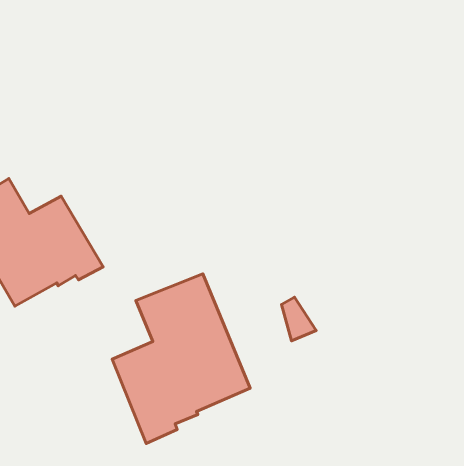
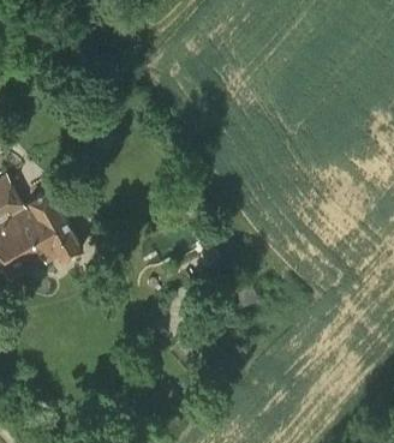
building: [112,274,250,444] -> none

